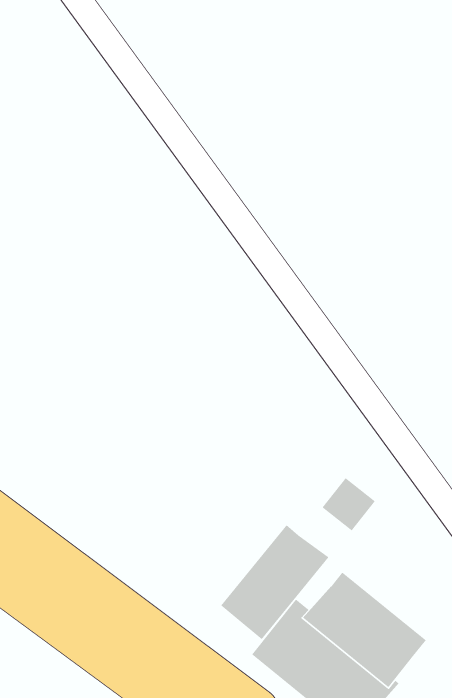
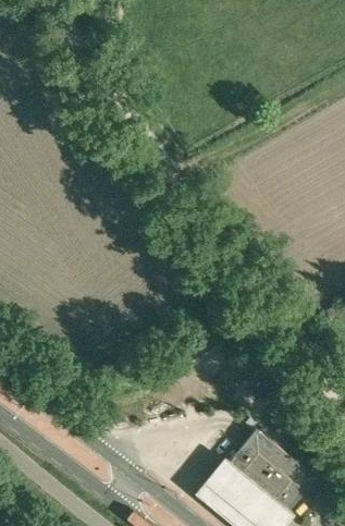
building: [220,524,329,640] -> none

